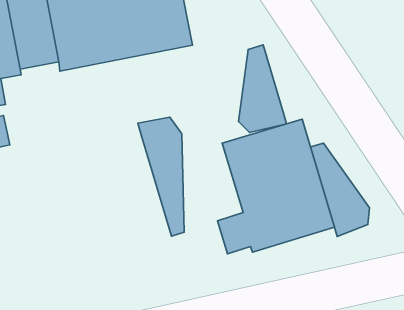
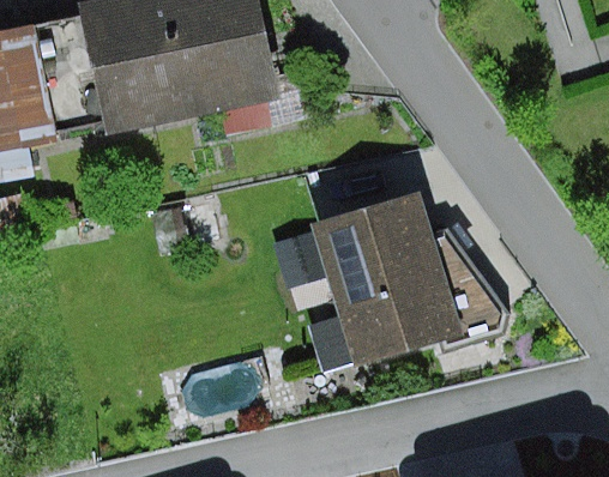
building: [238,45,287,132] -> none
building: [138,117,184,236] -> none

